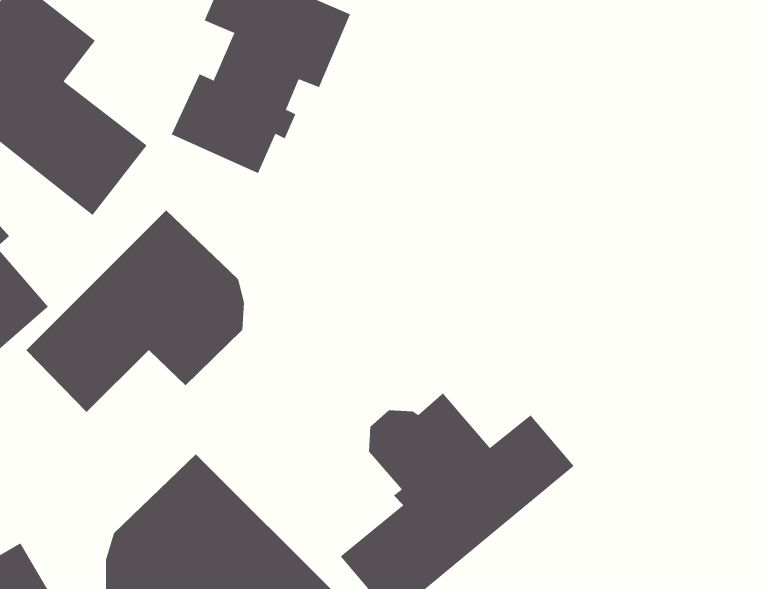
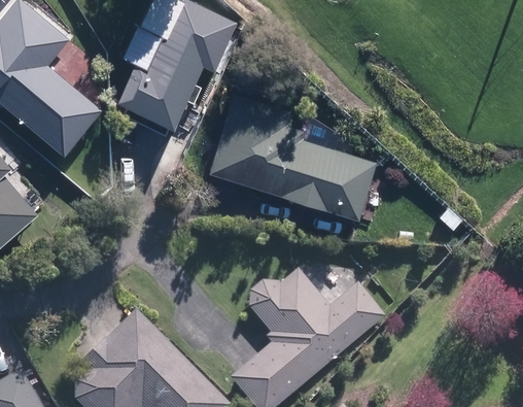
building: none -> [208,95,381,221]
building: [25,210,244,413] -> none

